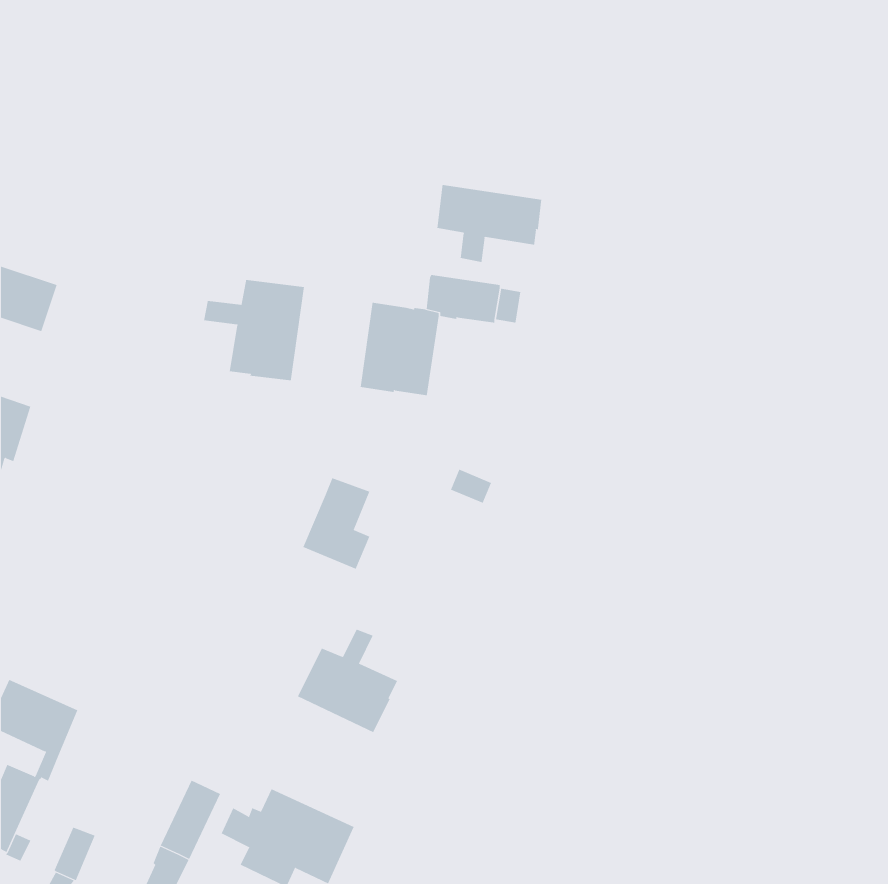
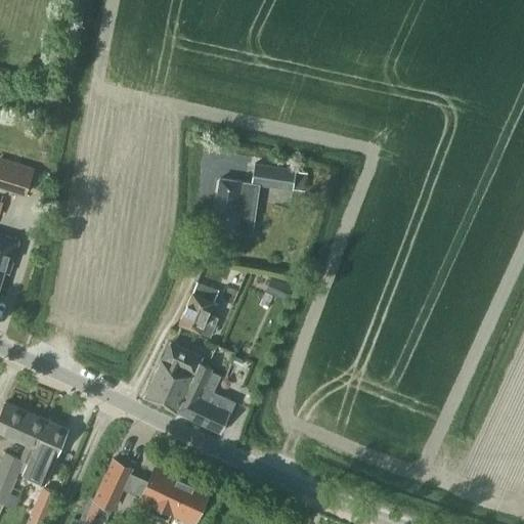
building: [437,184,542,263] -> none
building: [203,279,305,381] -> none
building: none -> [144,343,211,412]
building: none -> [20,421,68,481]

